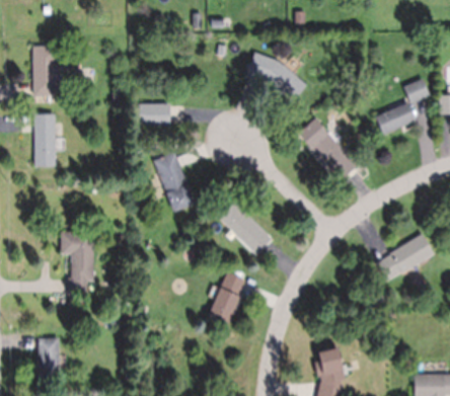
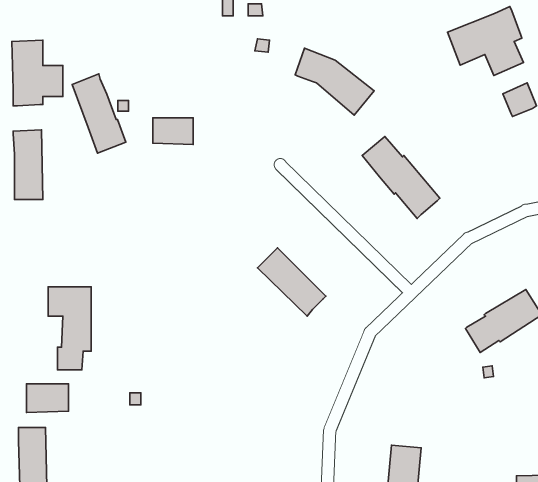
building: none -> [448,7,523,75]
building: [376,102,416,135] -> none
building: [154,152,195,212] -> [72,74,126,153]
building: [208,271,246,325] -> none
building: none -> [26,384,68,412]

